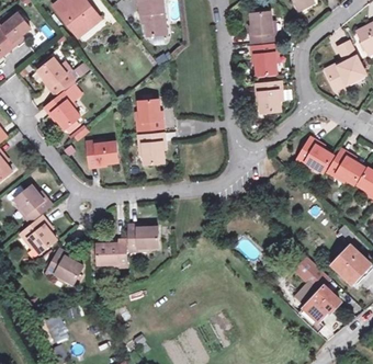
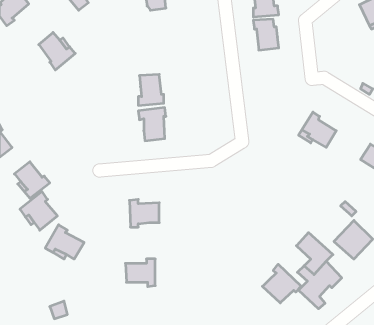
building: [326,41,365,90] -> none
building: [256,81,282,113] -> none
building: [45,86,80,133] -> none
building: [86,141,118,168] -> none
building: [327,149,364,184] -> none
building: [97,240,126,268] -> [125,259,155,287]
building: none -> [262,264,301,303]

